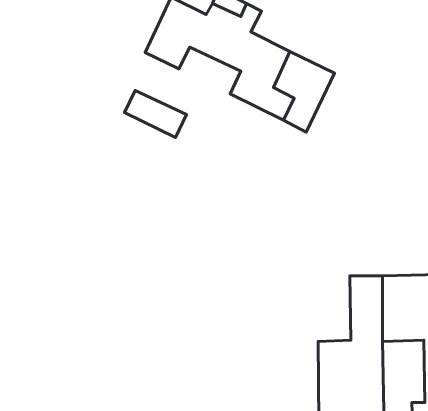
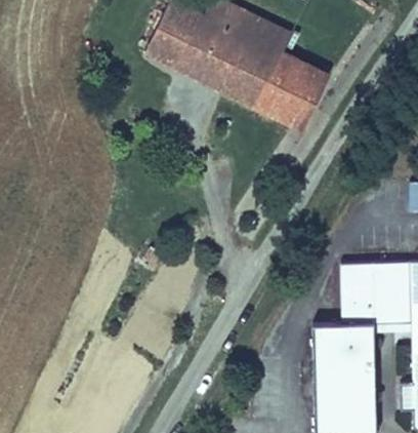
building: none -> [249,14,296,52]
building: [124,91,187,137] -> [181,48,240,92]

